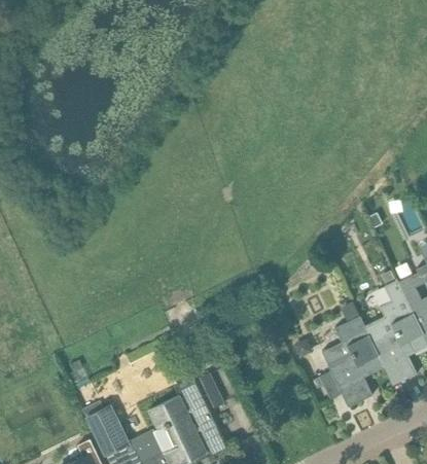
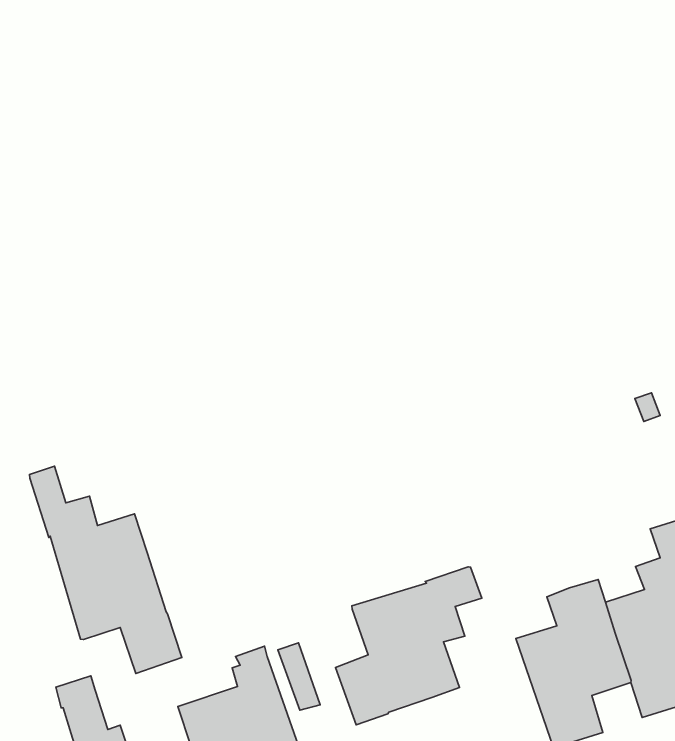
building: none -> [30,466,182,673]
building: none -> [335,567,482,725]

